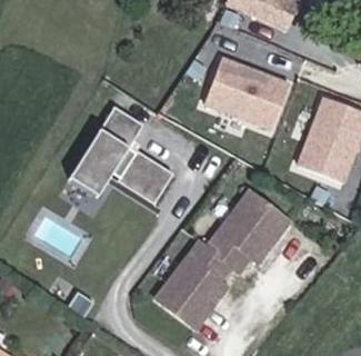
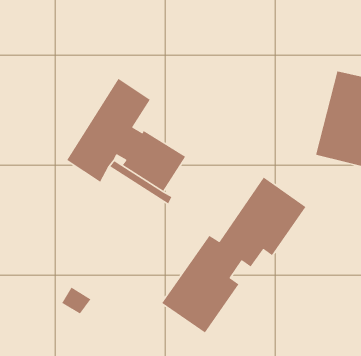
building: [193,50,289,132] -> none

